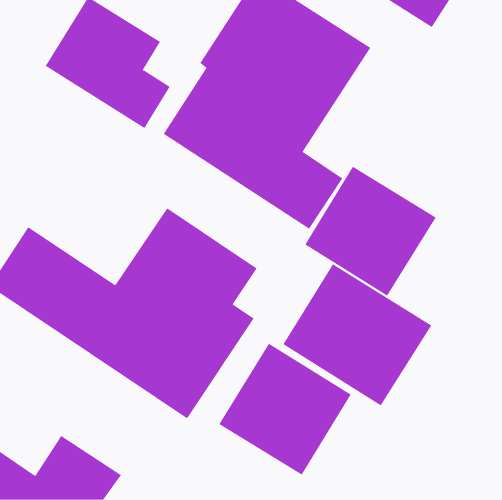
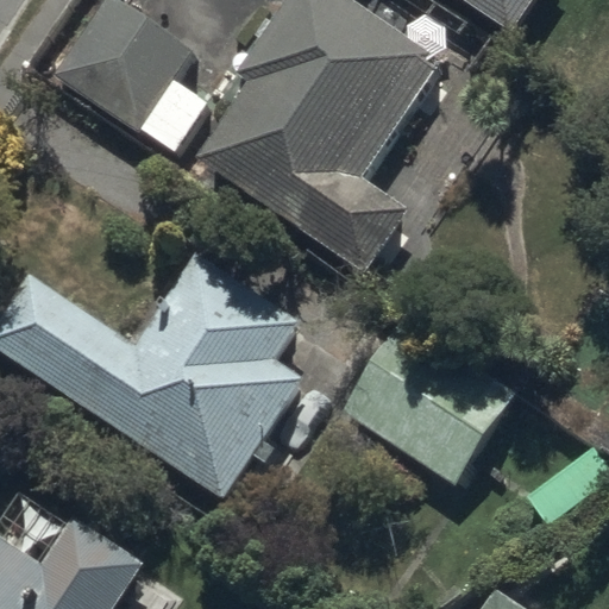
building: [305,166,436,296] -> none
building: [218,343,351,475] -> none

